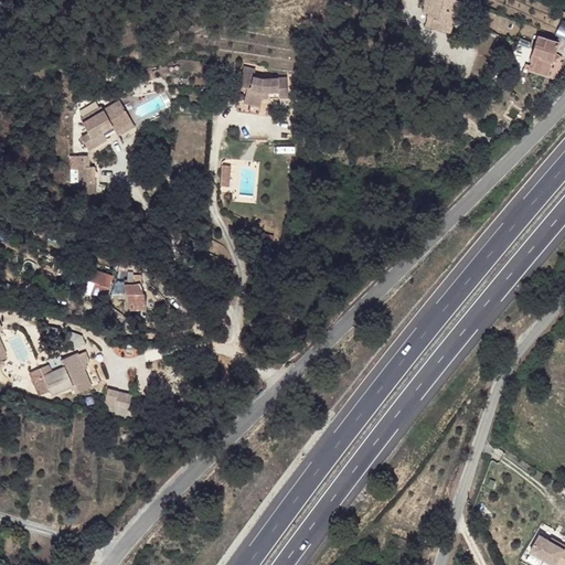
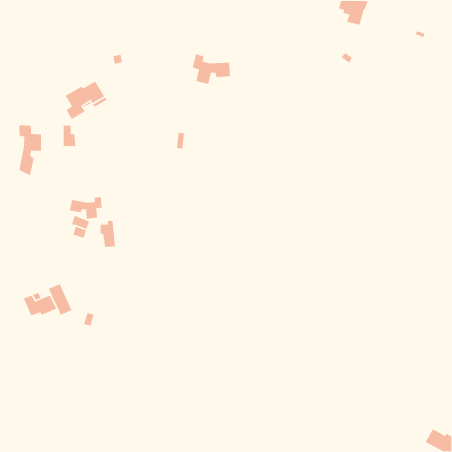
building: [527,35,558,76] -> none
building: none -> [18,125,42,177]
building: none -> [69,196,102,220]

